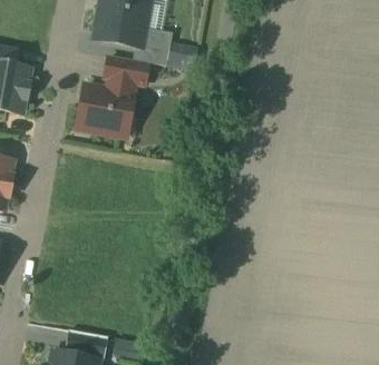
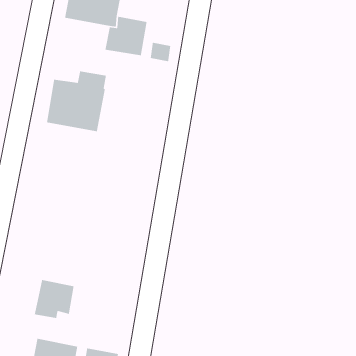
building: [105,55,148,85] -> none
building: none -> [34,279,74,319]

